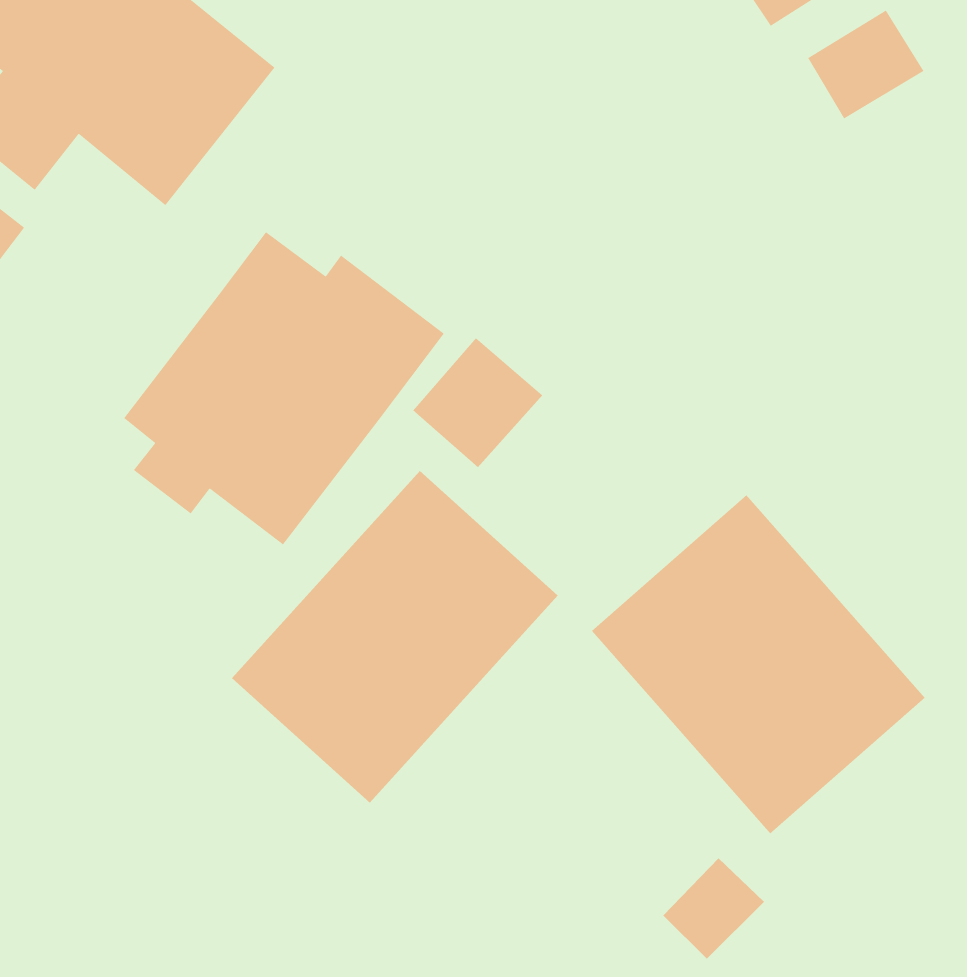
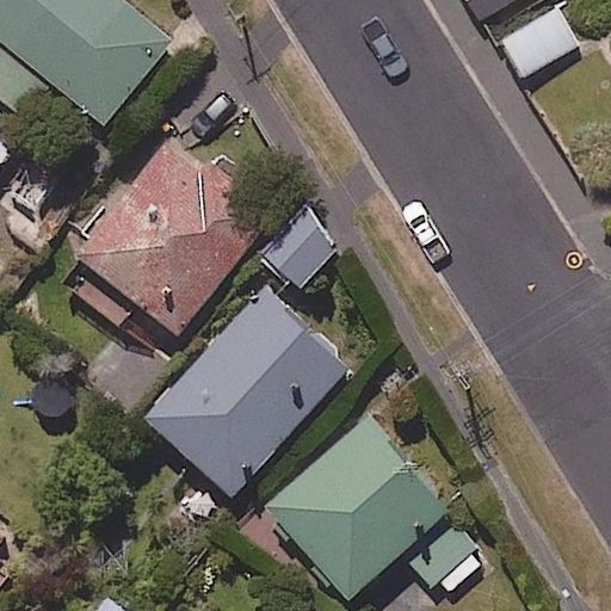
building: [591,494,926,834] -> none
building: none -> [265,416,448,599]

